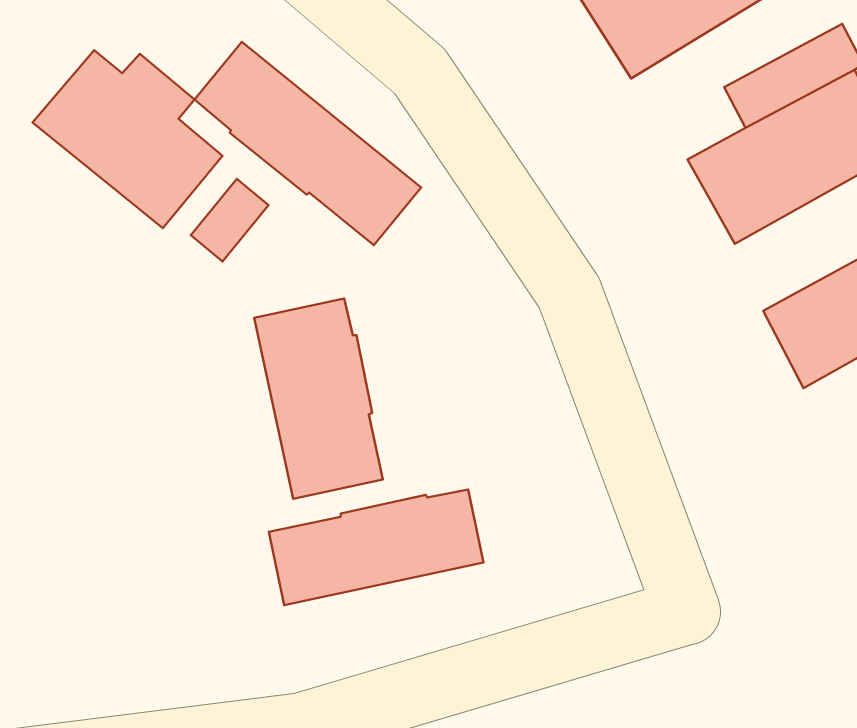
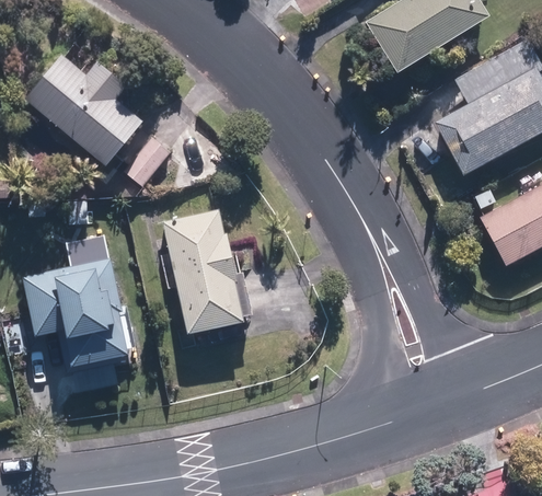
building: [194,42,421,245] -> none
building: none -> [24,249,129,368]
building: [269,489,483,605] -> none

